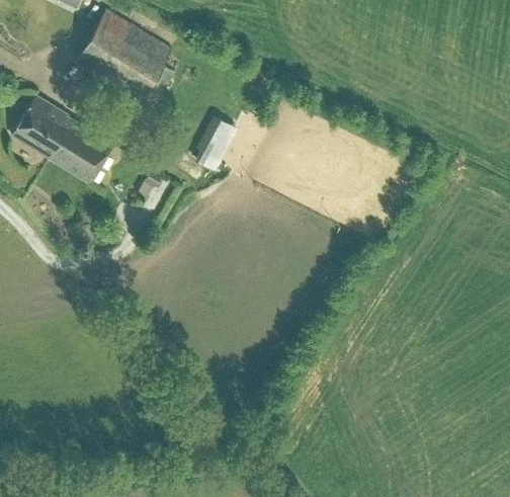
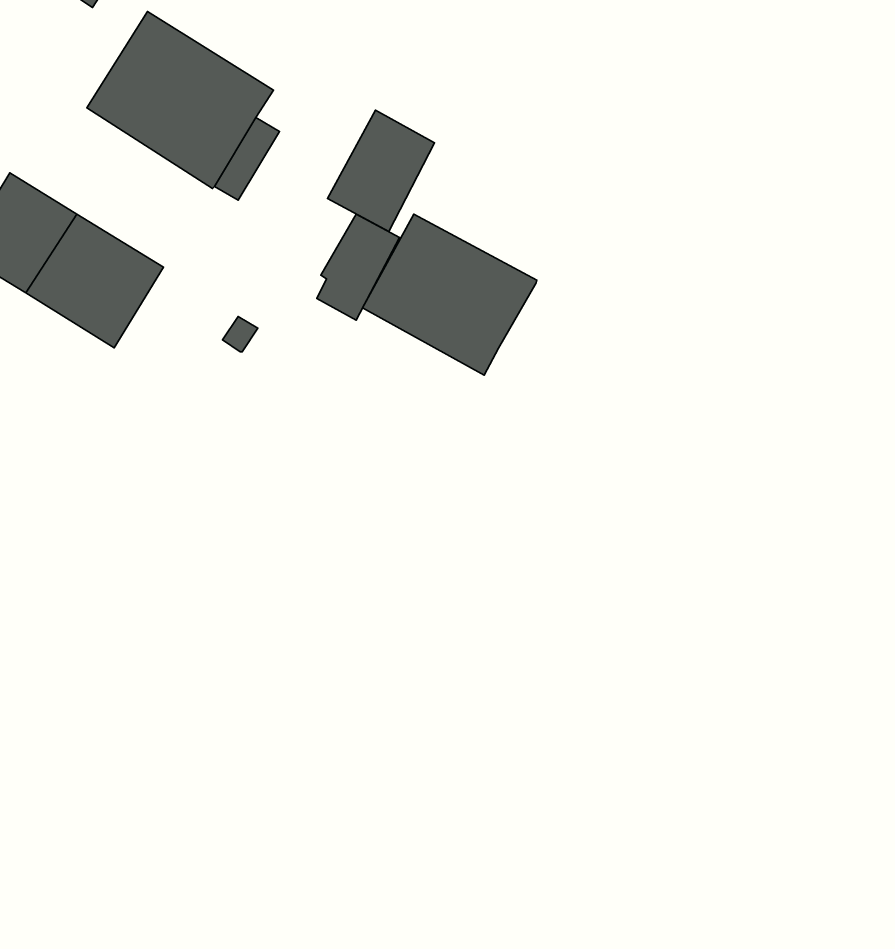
building: none -> [327,110,435,232]
building: none -> [363,214,537,375]

